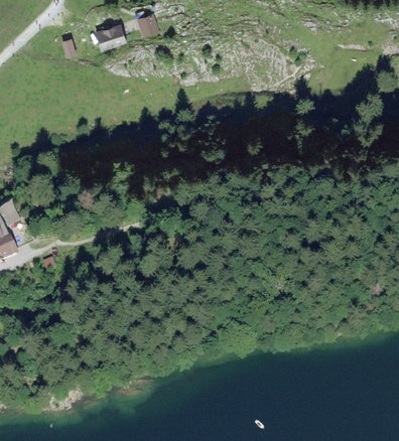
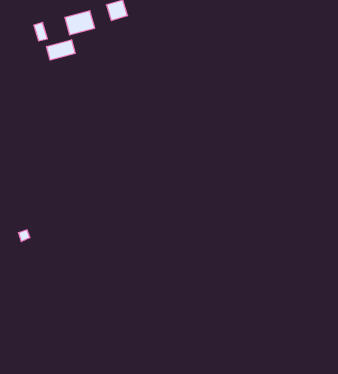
building: none -> [47,40,75,60]

